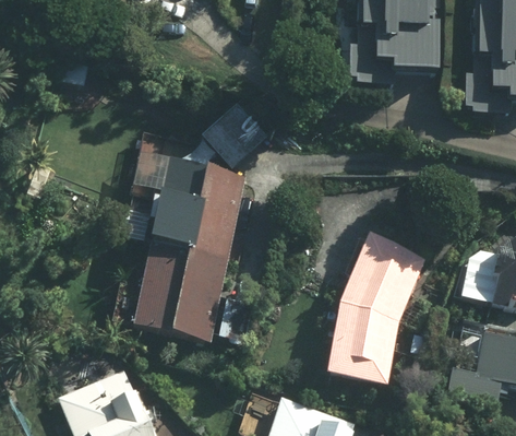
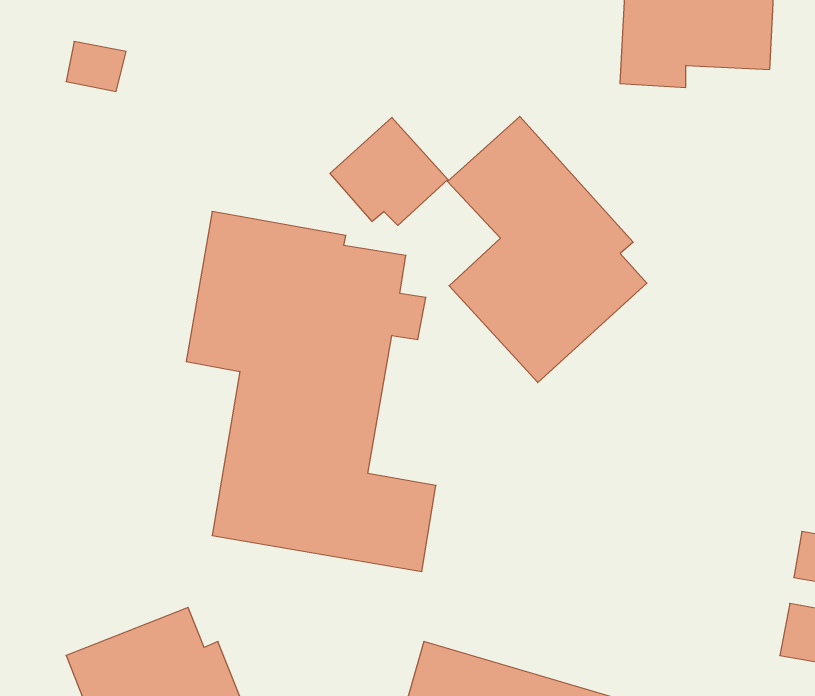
building: none -> [448,116,647,383]
building: [328,234,425,382] -> none

